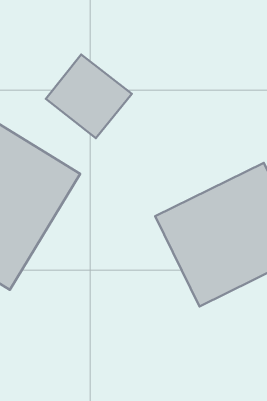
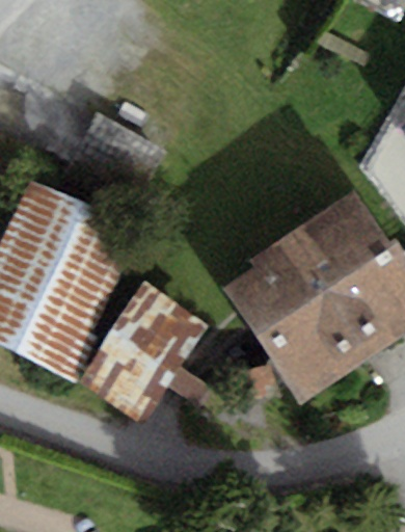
building: none -> [73,289,207,431]

